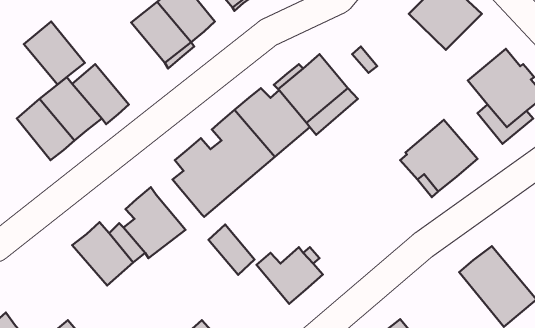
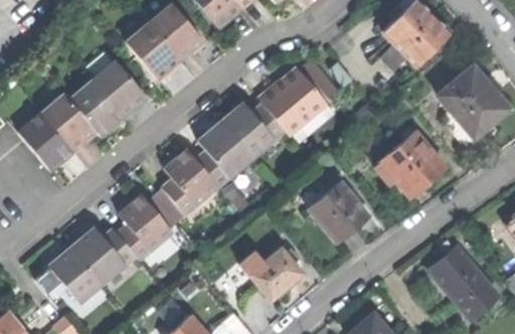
building: [24,21,85,85] -> [92,57,148,116]
building: none -> [308,180,369,242]
building: [209,225,254,275] -> [148,185,190,231]
building: none -> [49,245,103,301]

